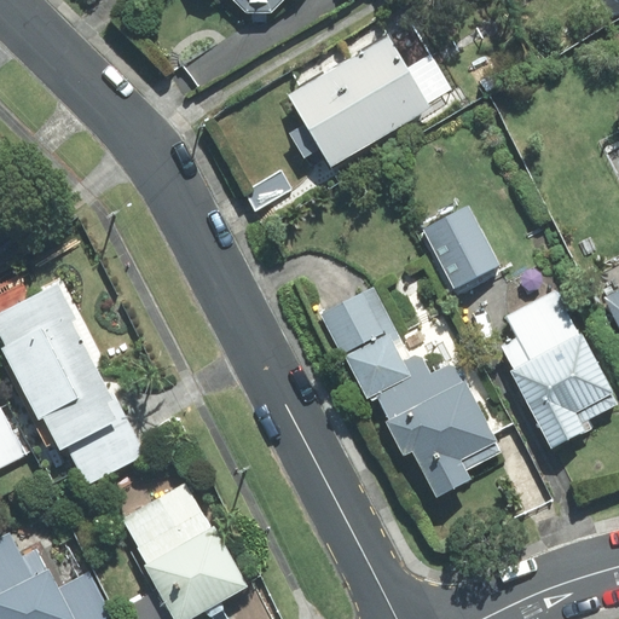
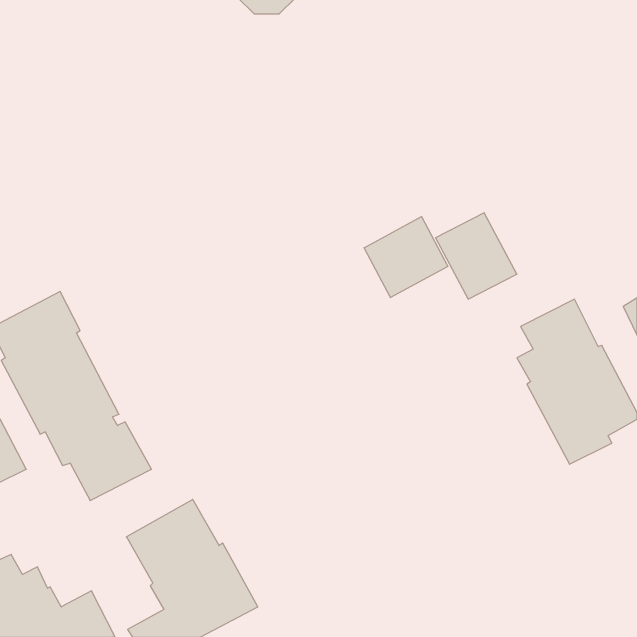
building: [288,36,430,167] -> none
building: none -> [364,217,448,298]
building: [320,287,503,497] -> none

